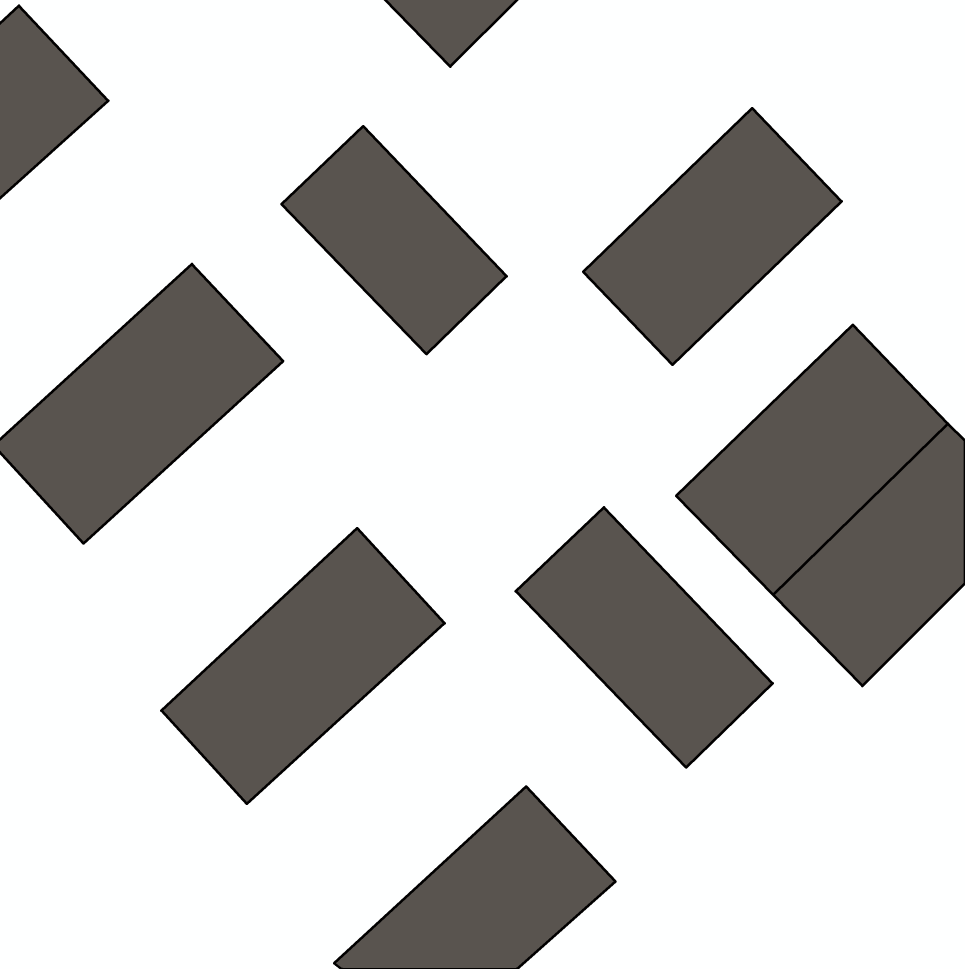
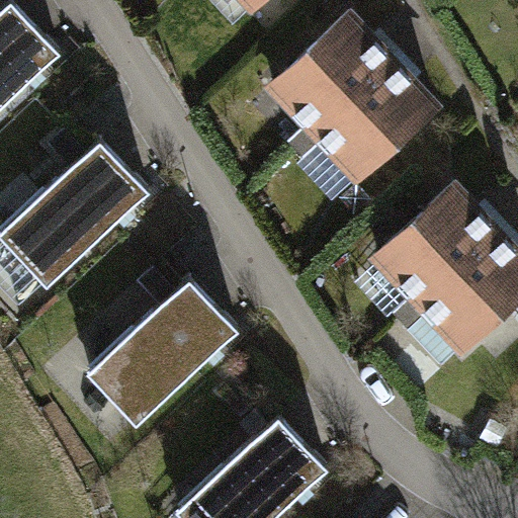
building: none -> [260,6,401,145]
building: [282,126,507,354] -> none
building: [516,507,773,767] -> none

